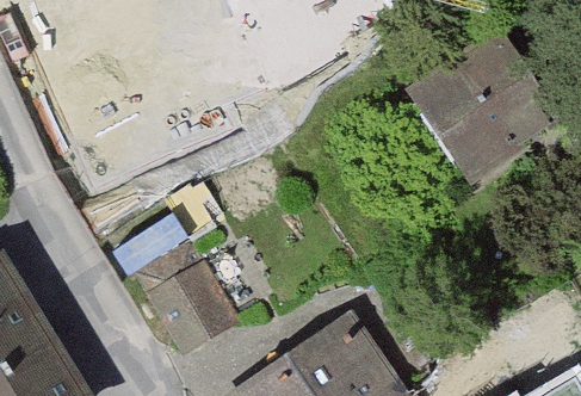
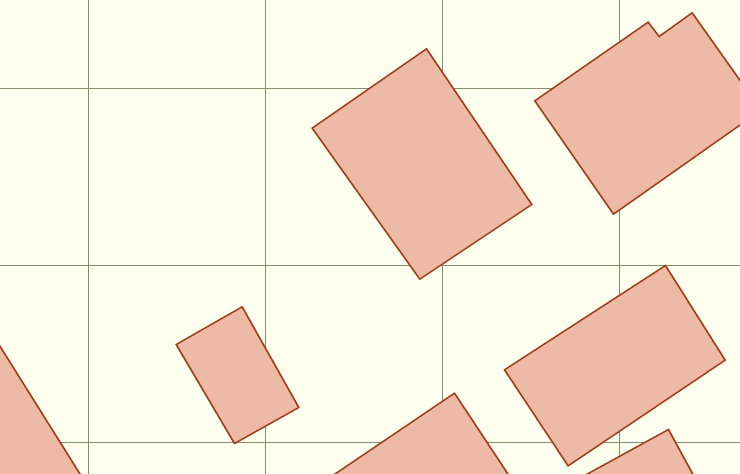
building: none -> [312,49,532,279]
building: none -> [505,265,725,466]

